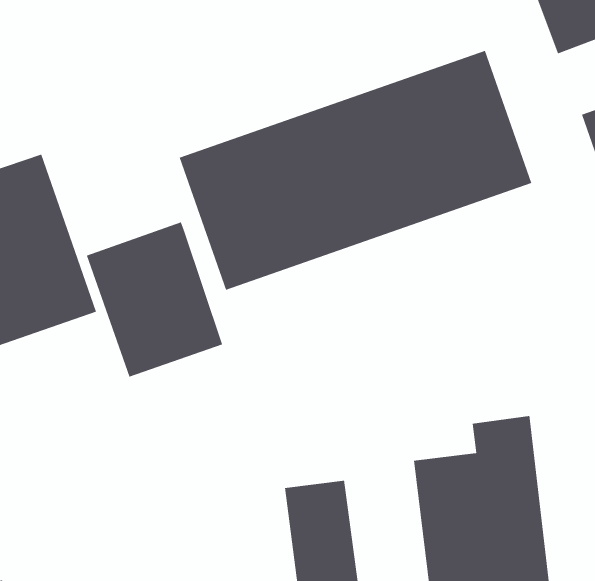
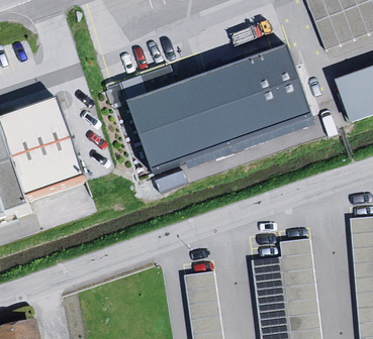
building: [86,221,223,378] -> none

